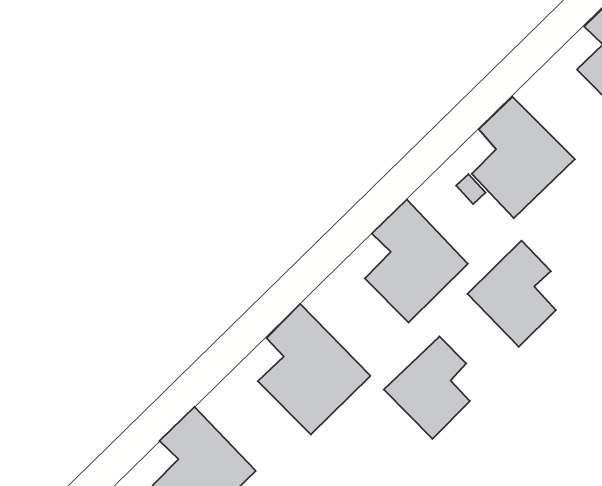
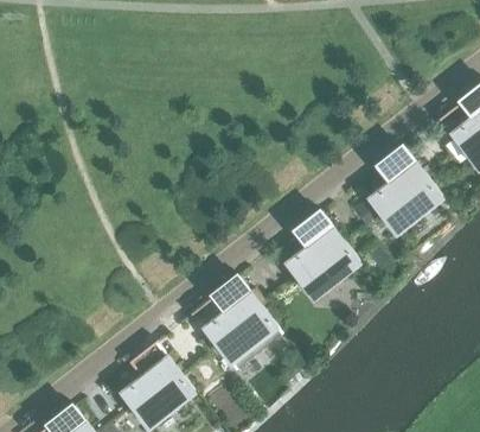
building: [467,241,556,347] -> none
building: [384,336,470,439] -> none

